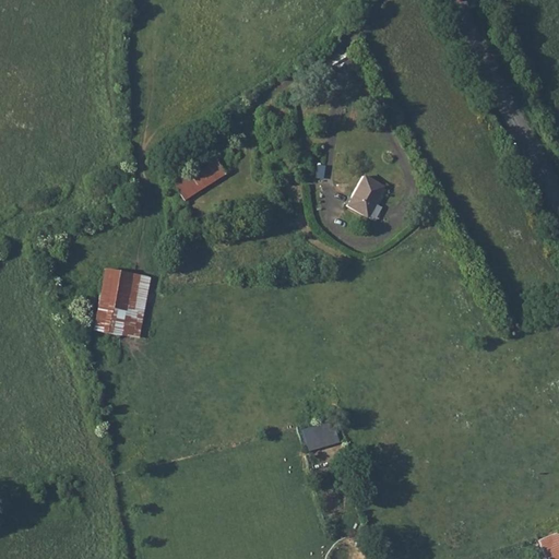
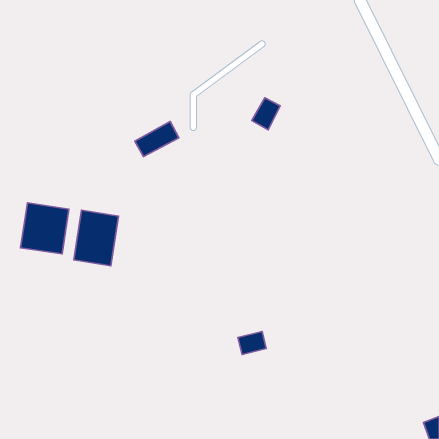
building: [348,178,384,218] -> [252,98,280,130]
building: none -> [21,203,69,254]

